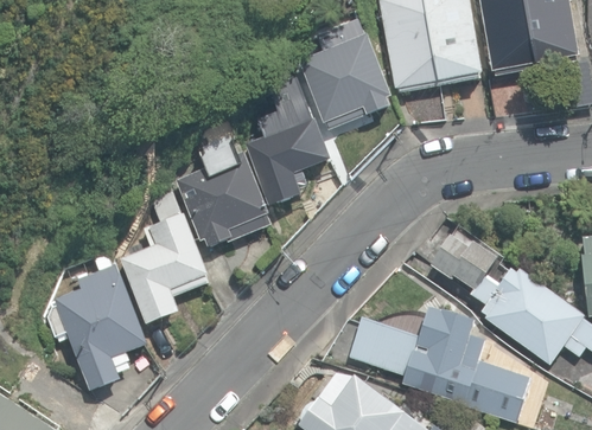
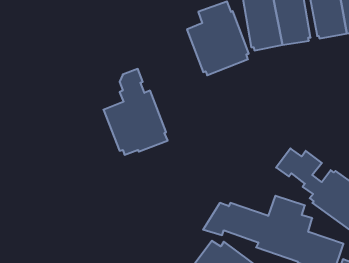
building: [244,77,331,205] -> none
building: [120,190,208,322] -> none
building: [46,262,147,390] -> none

